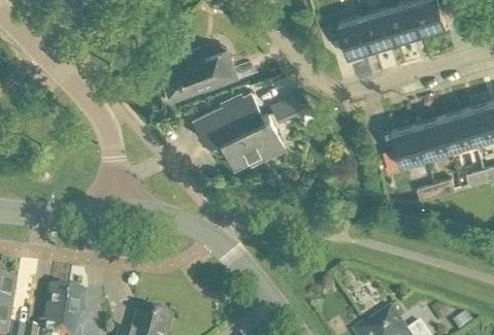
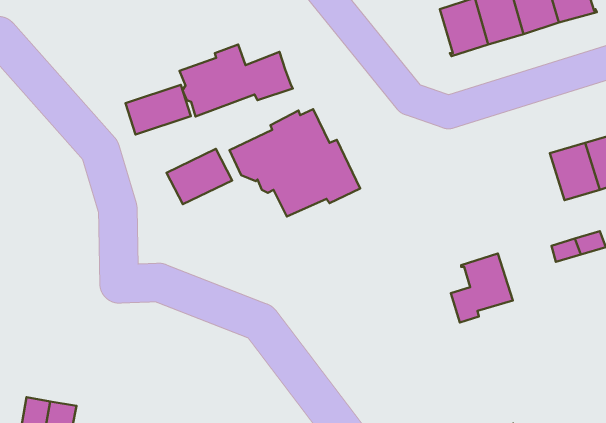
building: none -> [125,85,191,135]
building: none -> [167,149,232,204]
building: [384,119,427,167] -> [451,253,513,323]

